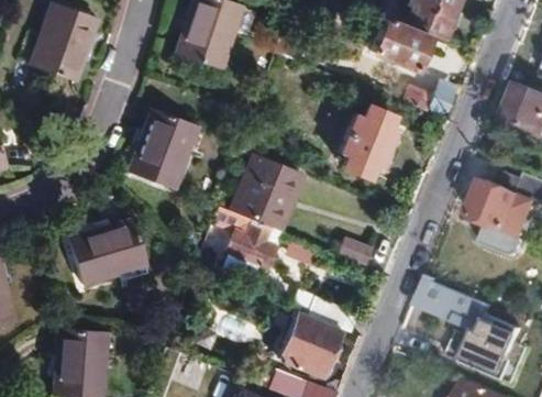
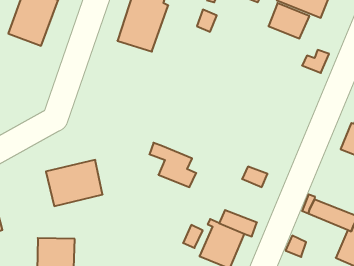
building: [336,104,395,175] -> none
building: [136,115,203,194] -> none
building: [230,155,299,228] -> none

